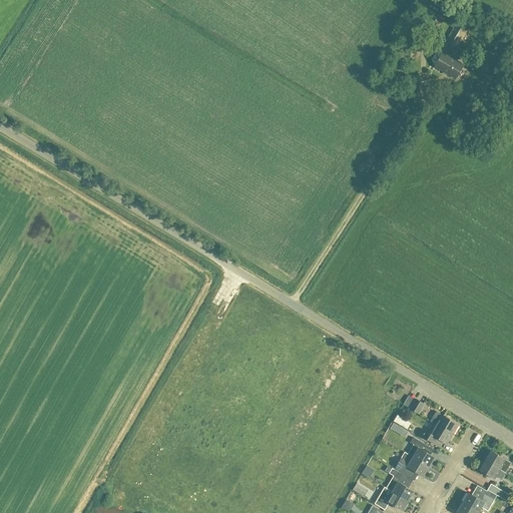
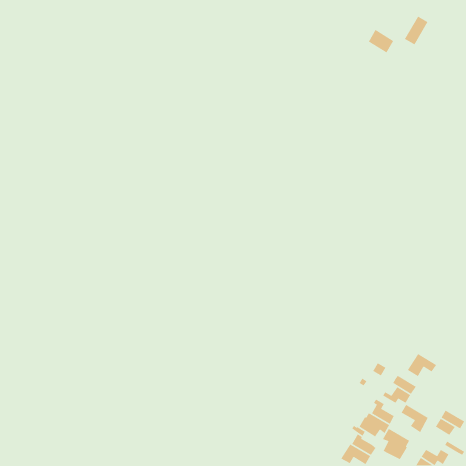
building: [434,52,463,79] -> [368,29,394,54]
building: none -> [407,353,437,377]
building: none -> [401,404,429,433]
building: none -> [382,428,410,460]

